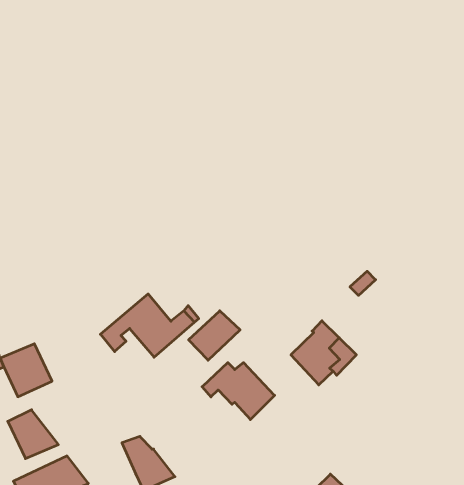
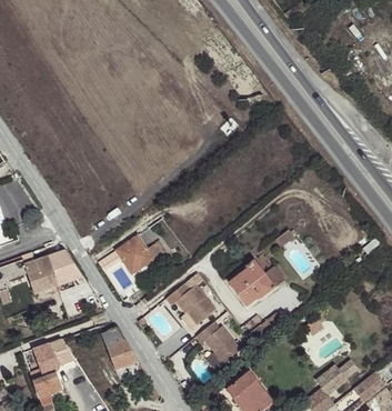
building: [189,311,240,360] -> none
building: [8,410,58,459] -> [48,250,82,284]
building: none -> [195,321,241,362]

